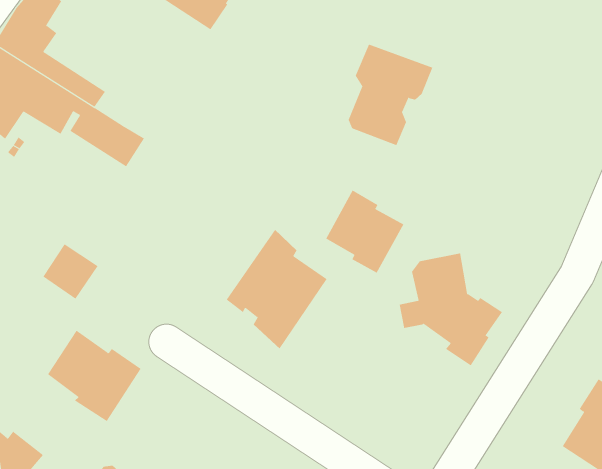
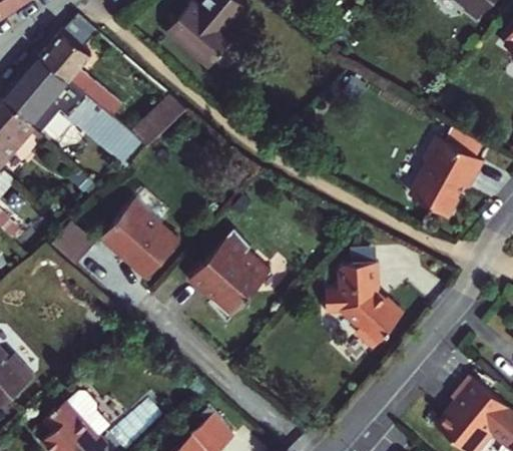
building: [348,44,433,146] -> [415,133,486,214]
building: none -> [131,93,186,145]
building: [325,189,404,274] -> none
building: [47,330,142,422] -> [104,204,177,279]

